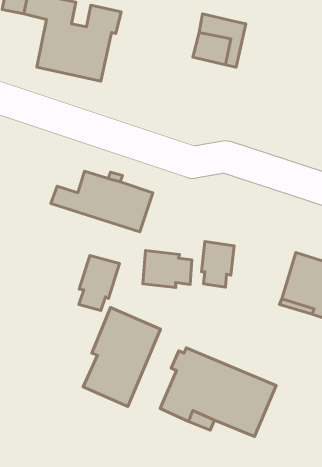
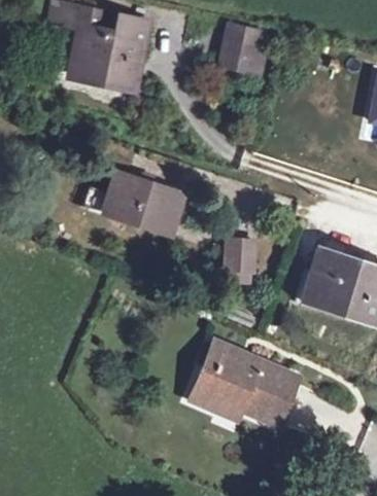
building: [143,251,192,287] -> none
building: [79,255,120,311] -> none
building: [83,308,161,407] -> none

